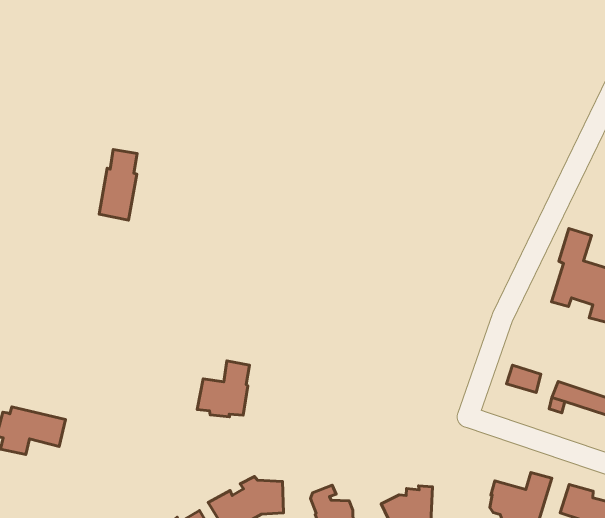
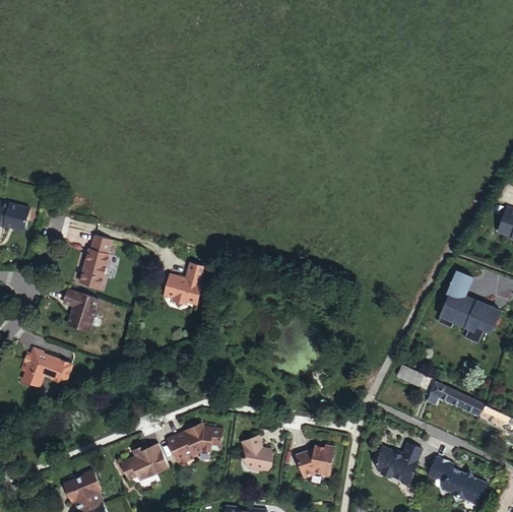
building: [99,150,137,220] -> [75,233,109,286]
building: none -> [58,286,93,331]
building: [197,361,249,417] -> [161,260,203,302]

